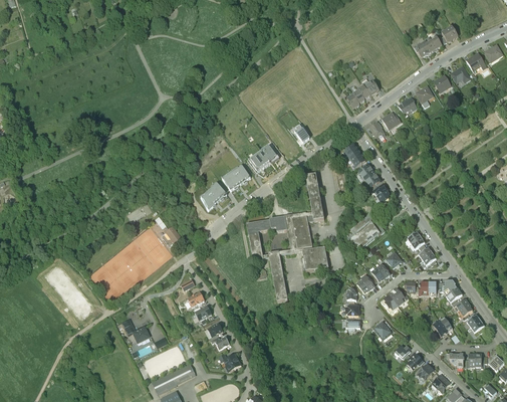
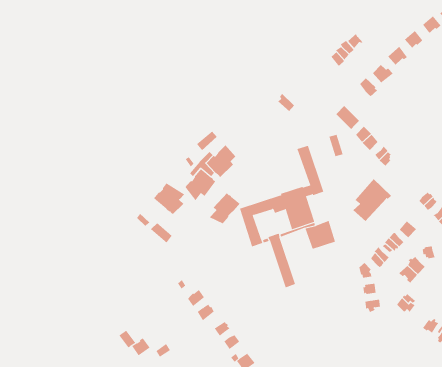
building: [247,146,279,173] -> none
building: none -> [153,182,185,215]
building: none -> [209,193,240,224]

